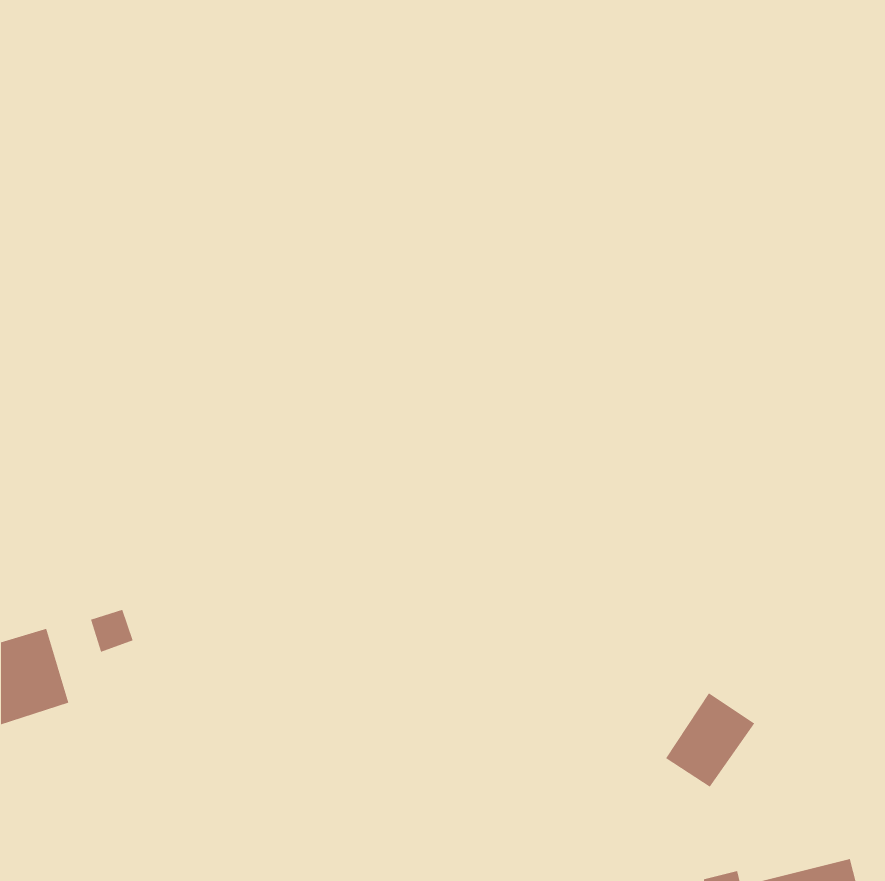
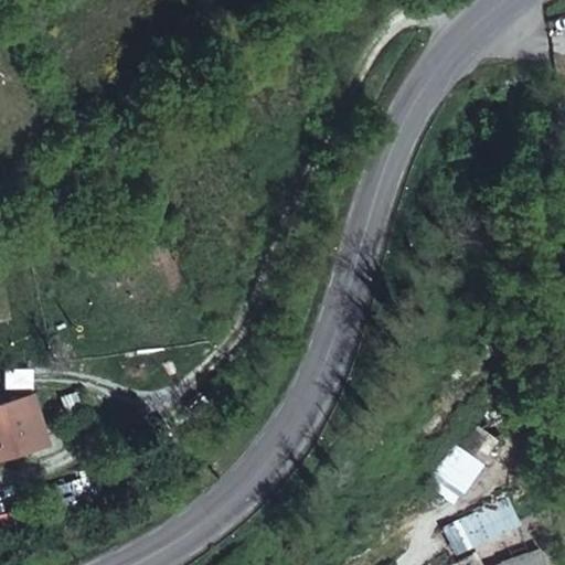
building: none -> [456,498,518,547]

